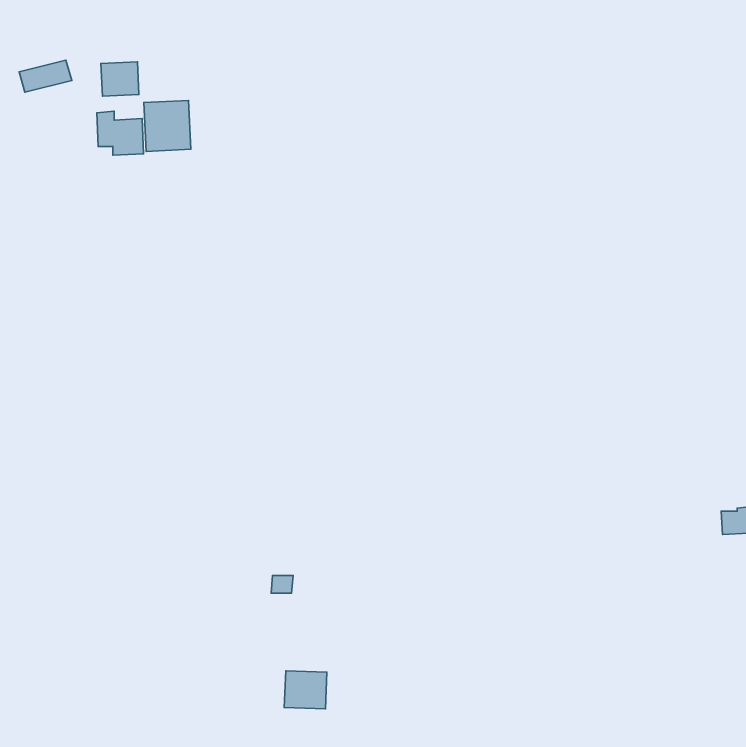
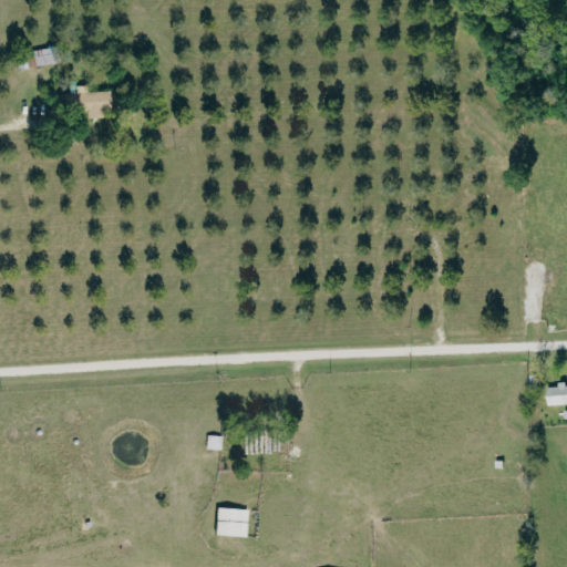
building: [101,62,139,96] -> none
building: [144,100,191,151] -> none

